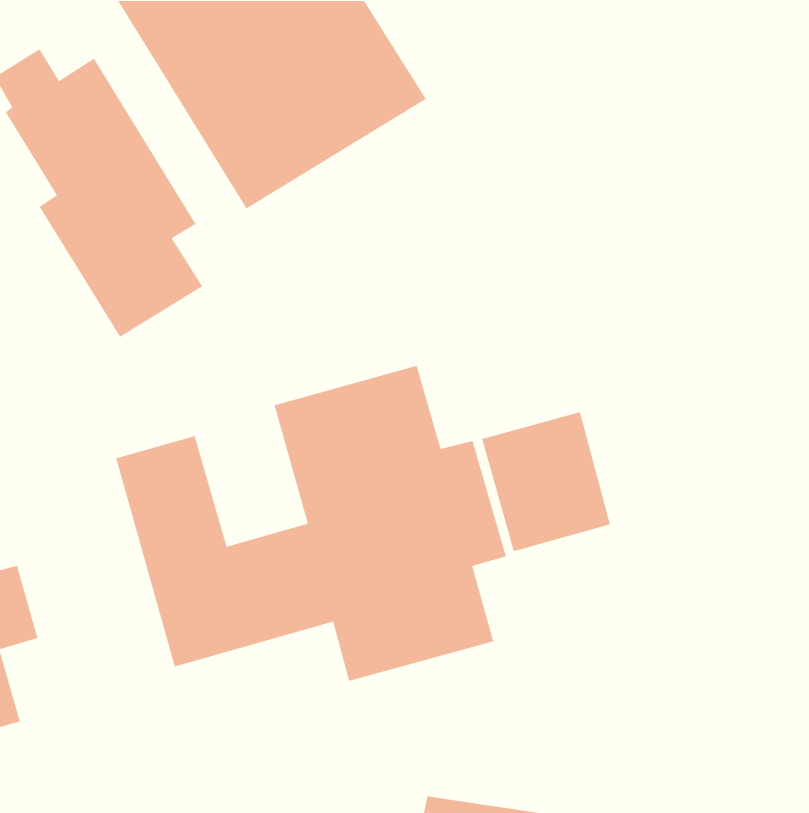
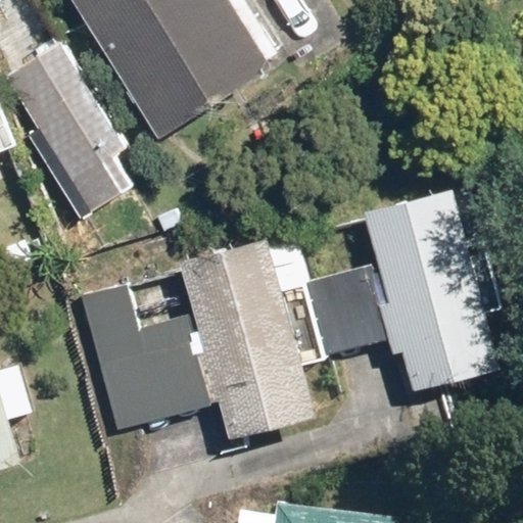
building: none -> [364,185,506,389]

